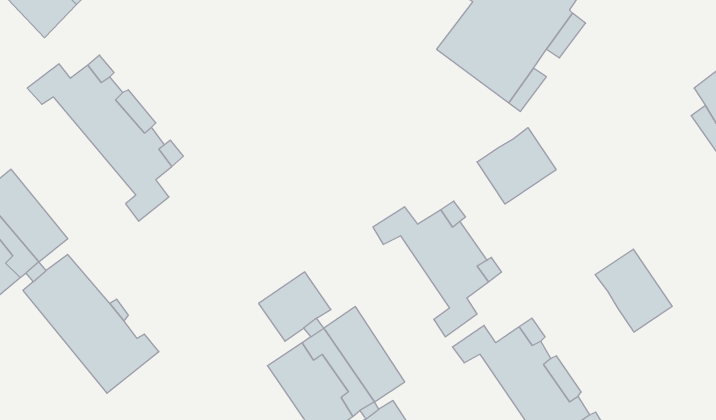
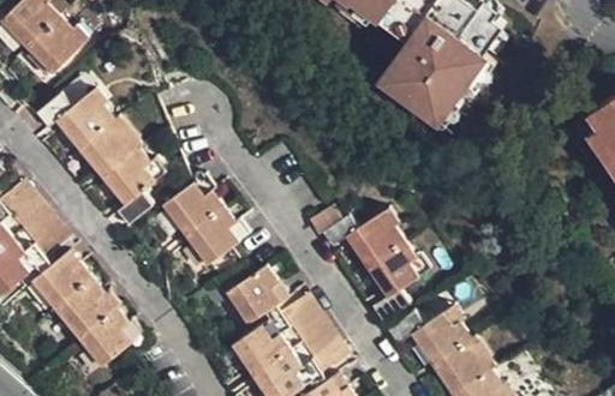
building: [477,128,556,204] -> none
building: none -> [163,175,250,266]
building: [595,249,672,332] -> none

